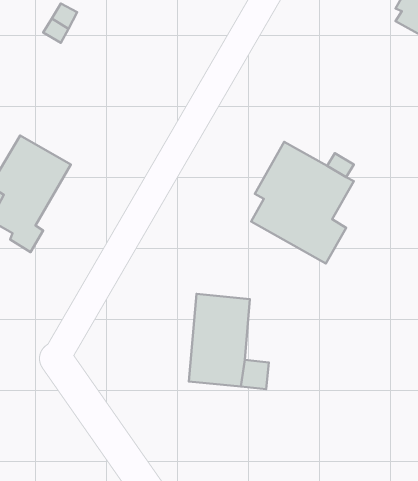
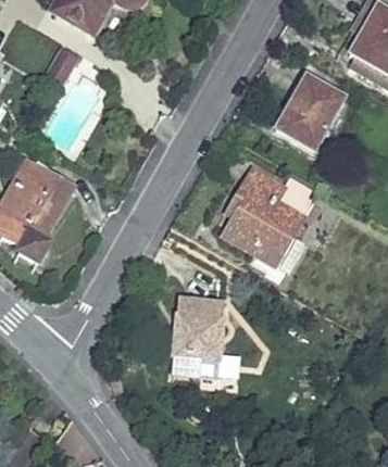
building: none -> [275,76,342,150]

